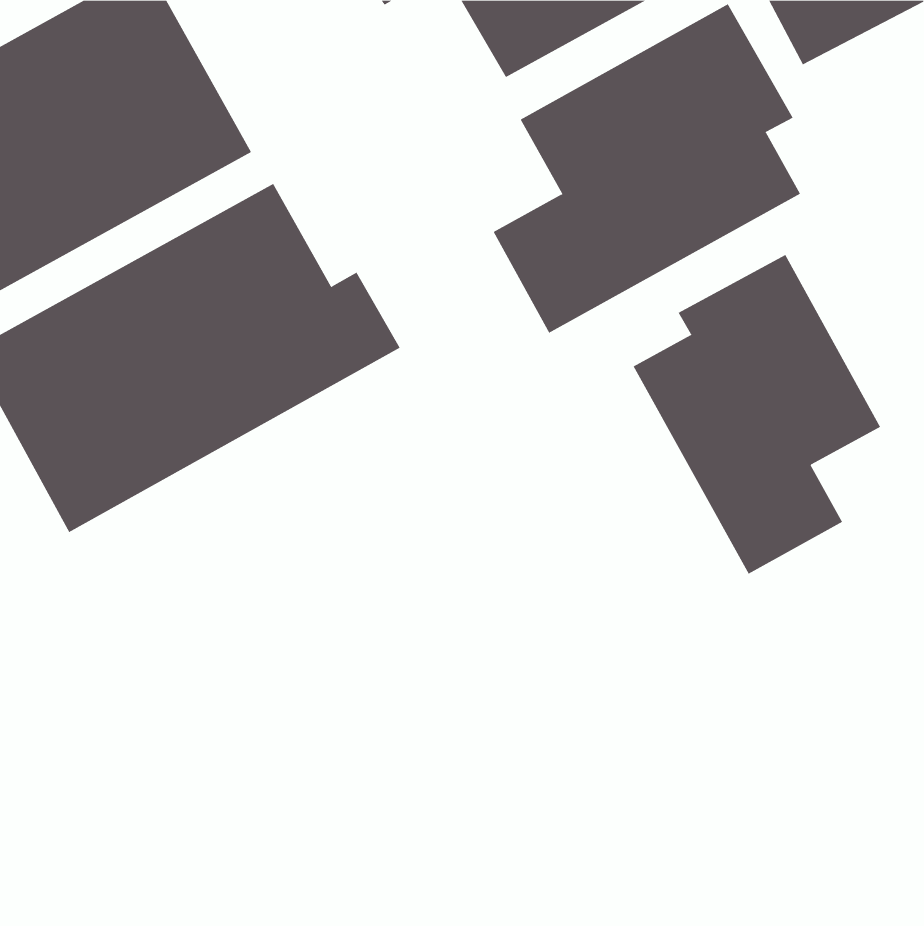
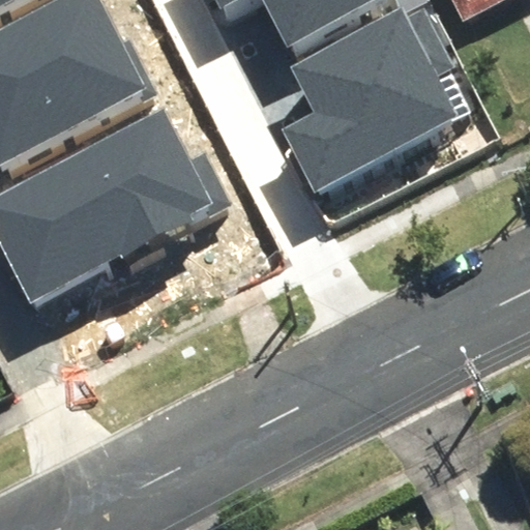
building: [633,254,881,575] -> none

